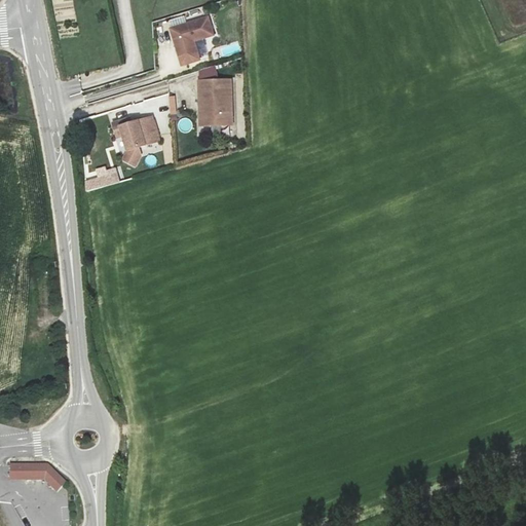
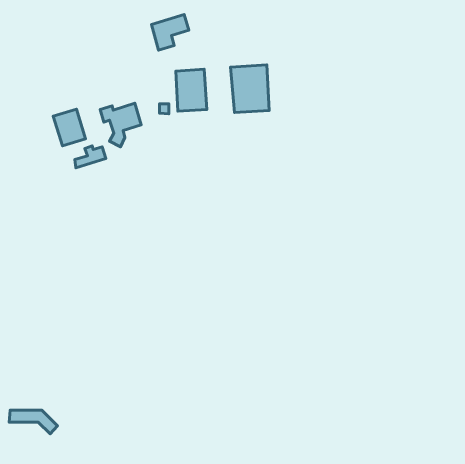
building: none -> [231,65,269,113]
building: none -> [53,109,85,146]

